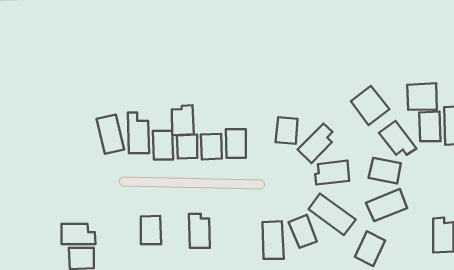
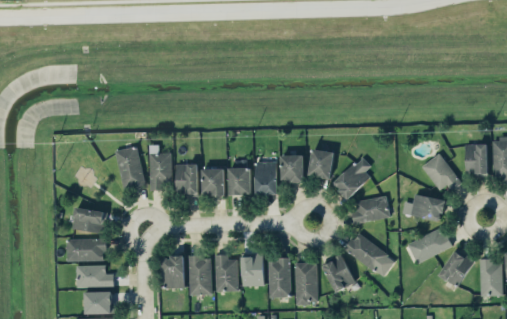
building: [407,83,437,110] -> none
building: [351,86,389,125] -> none
building: [172,105,194,135] -> none
building: none -> [281,155,304,181]
building: none -> [72,207,106,233]
building: none -> [67,238,106,261]
building: none -> [242,254,264,286]
building: none -> [189,256,212,295]
building: none -> [268,259,291,297]
building: [355,231,385,266] -> [440,249,473,287]

